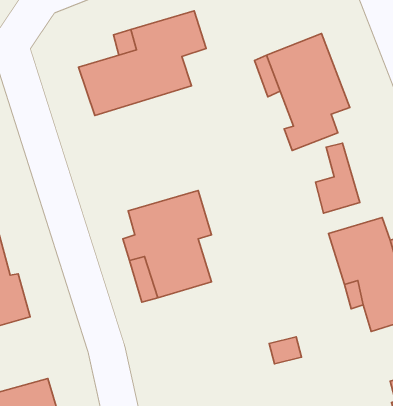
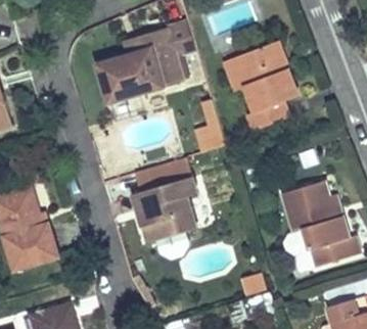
building: [316,143,360,213] -> [190,97,224,150]

